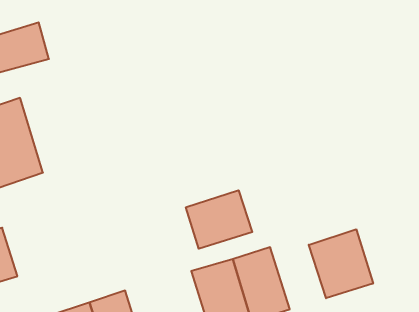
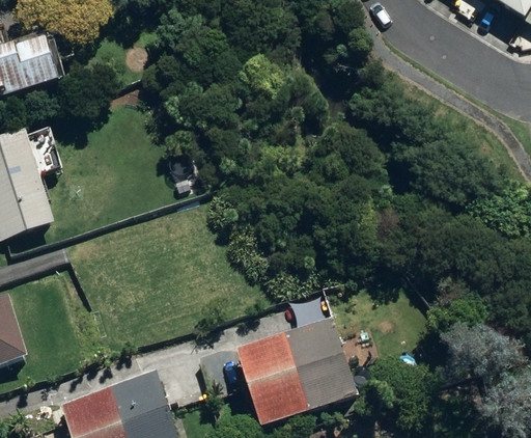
building: [186,190,252,249] -> none
building: [309,229,373,298] -> none

